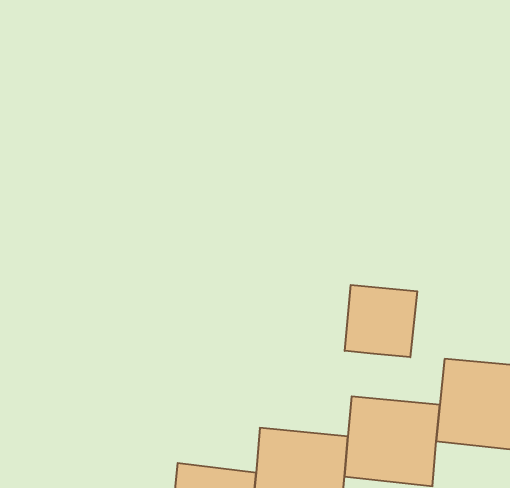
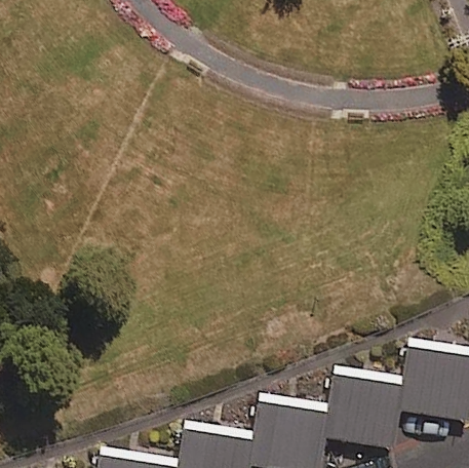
building: [345,285,417,357] -> none

